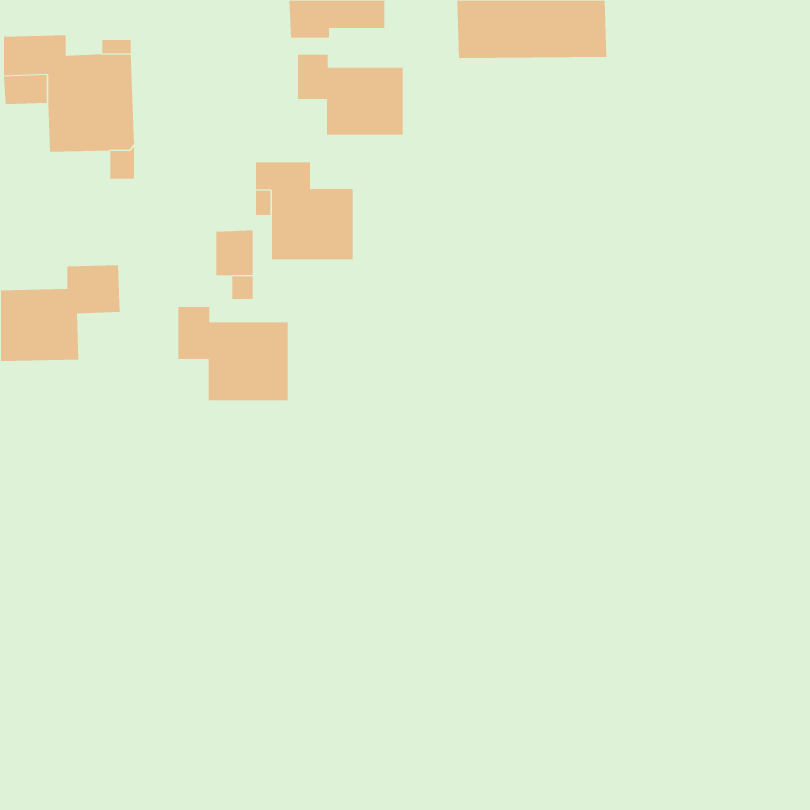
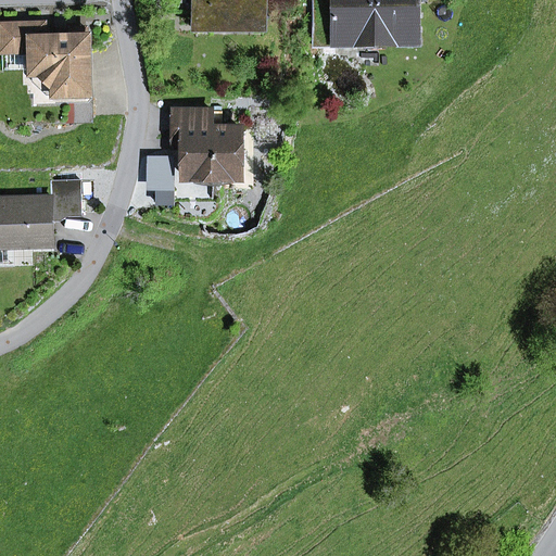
building: [298,54,403,135] -> none
building: [178,306,288,401] -> none

